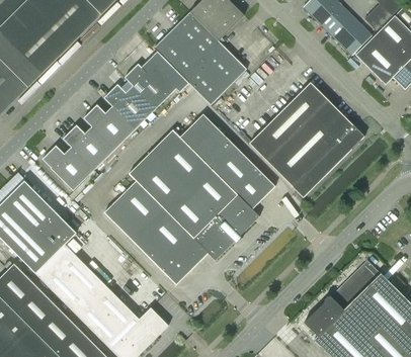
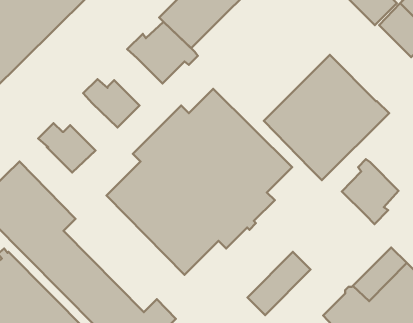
building: [182,40,246,104] -> none
building: [103,84,156,128] -> none
building: [63,124,114,170] -> none
building: none -> [342,159,398,224]
building: none -> [247,252,311,315]

